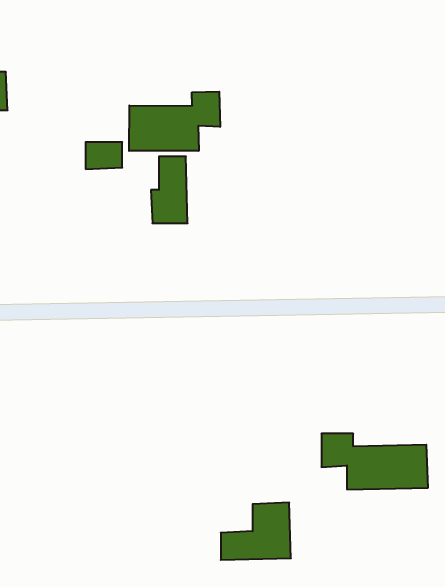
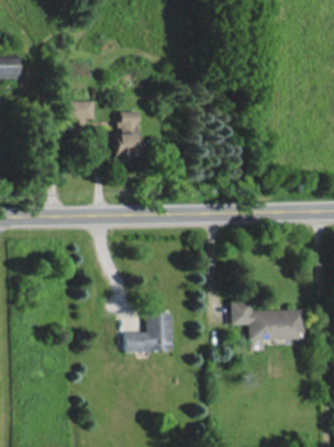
building: [129,92,220,151] -> none
building: [221,503,291,560] -> [125,313,174,353]

